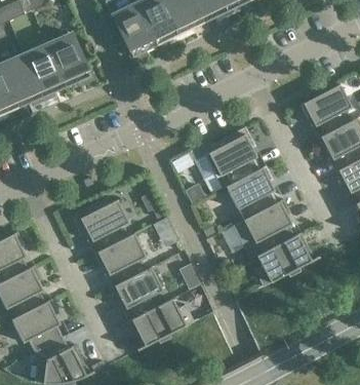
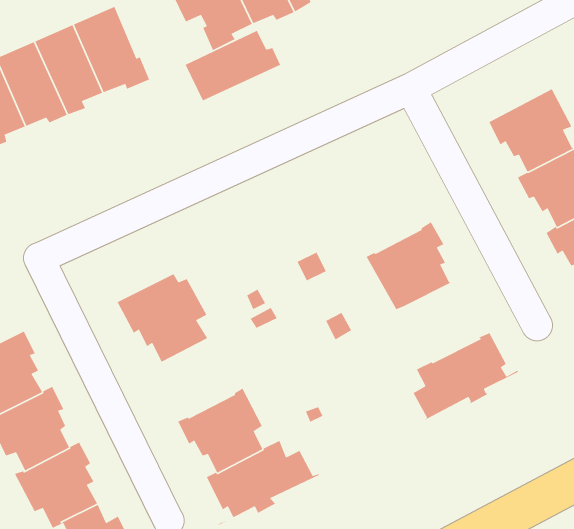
building: none -> [185,30,281,101]
building: [204,125,258,184] -> none
building: [232,198,294,259] -> none
building: [93,232,145,284] -> none

